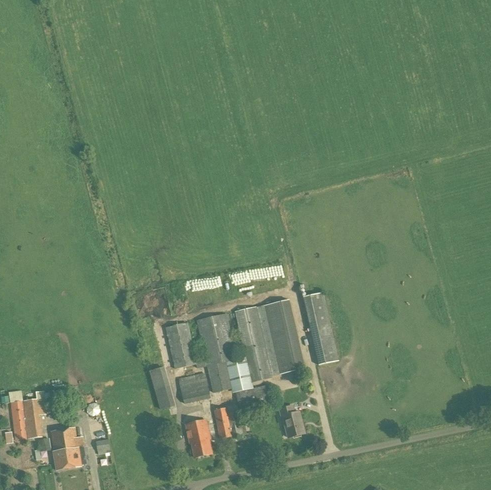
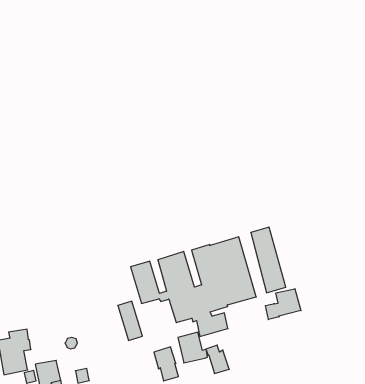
building: none -> [266,289,301,320]
building: [178,372,210,403] -> none
building: [279,405,304,437] -> [206,345,229,374]

